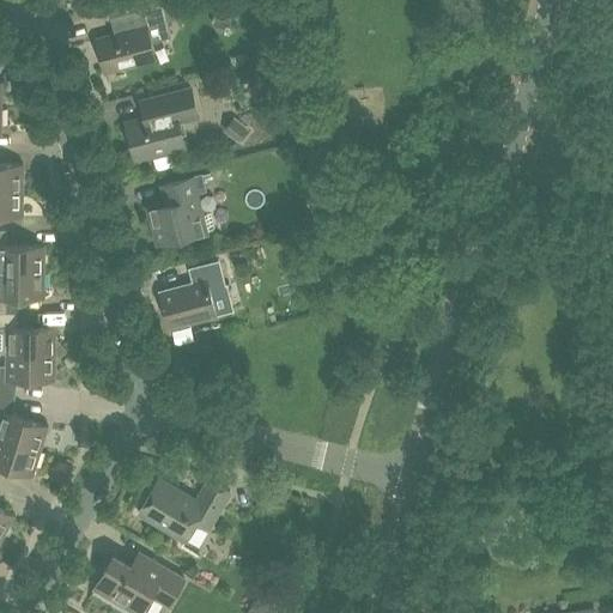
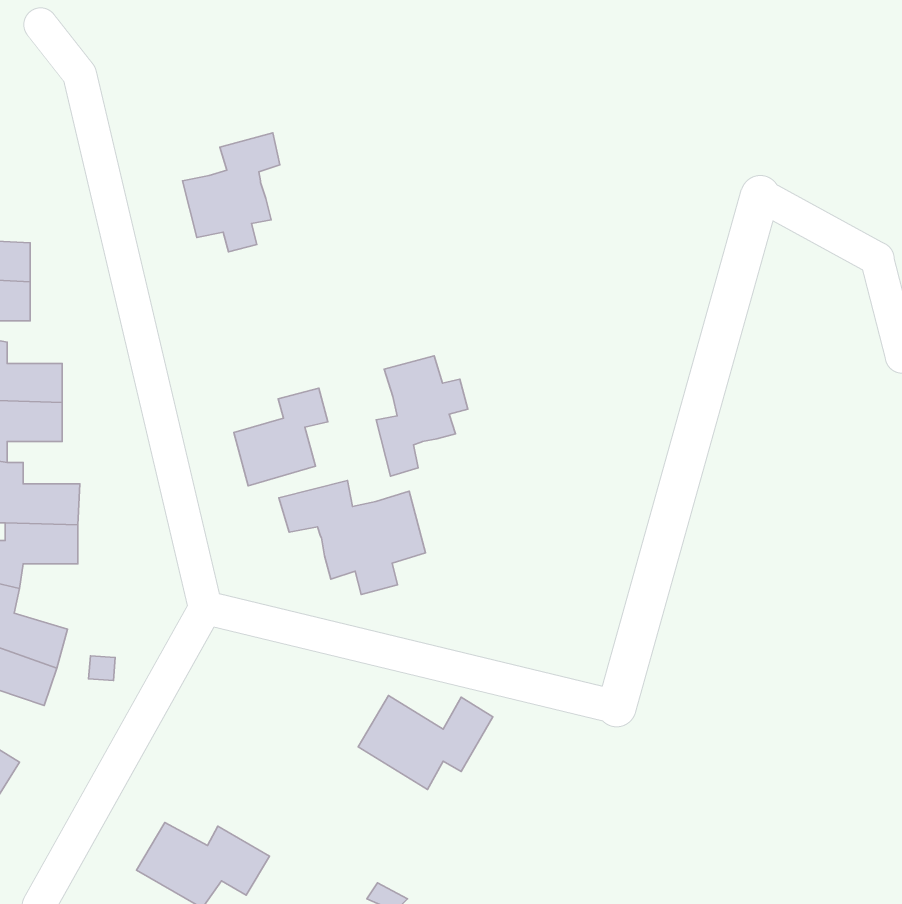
building: [95,6,169,73] -> none
building: [146,176,212,245] -> none
building: none -> [376,356,468,476]
building: none -> [279,481,426,595]
building: [136,479,227,542] -> [358,695,493,789]

